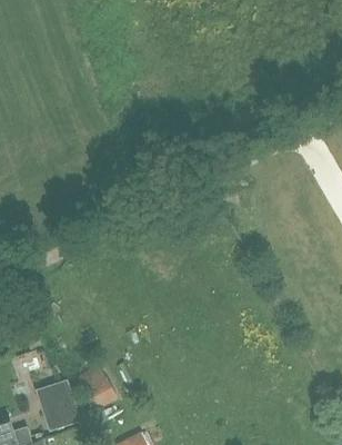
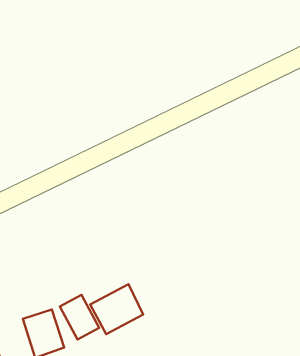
building: none -> [90,284,143,334]

